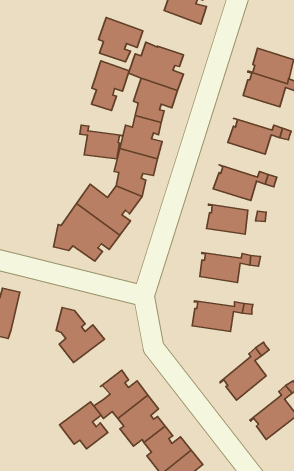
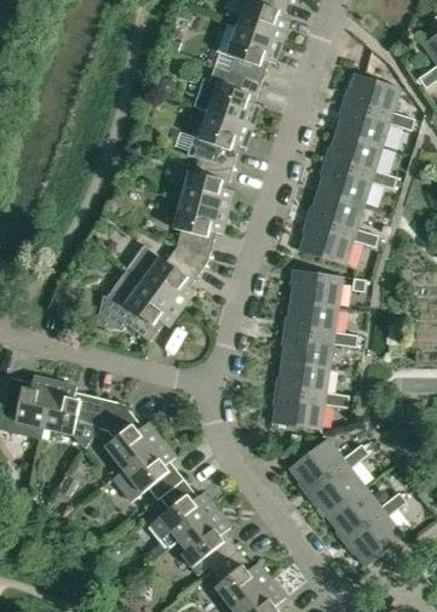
building: [99,17,143,62] -> [225,27,281,82]
building: [91,61,129,111] -> none
building: none -> [323,133,380,177]
building: [80,125,123,159] -> none
building: none -> [304,193,362,236]
building: none -> [282,301,337,338]
building: none -> [274,361,327,399]
building: none -> [42,381,107,447]
building: none -> [287,437,344,493]
building: none -> [326,486,383,542]
building: [60,402,108,449] -> [121,440,182,499]

